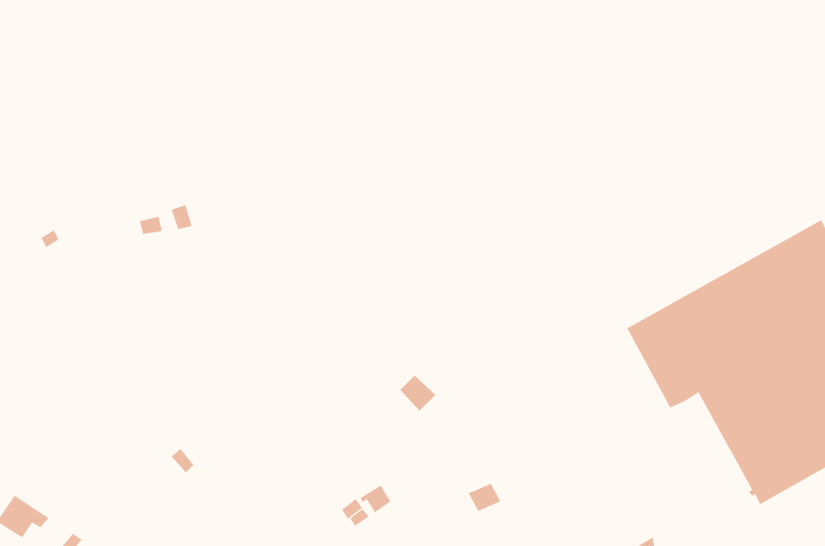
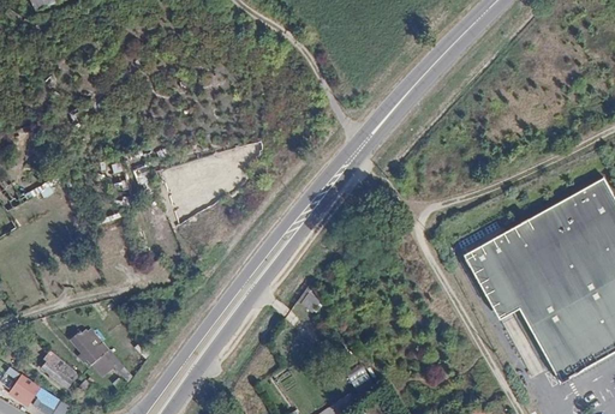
building: none -> [70,328,105,364]
building: none -> [41,352,77,389]

